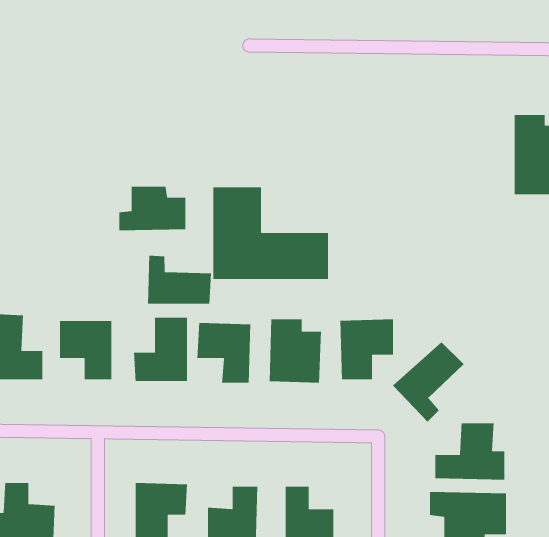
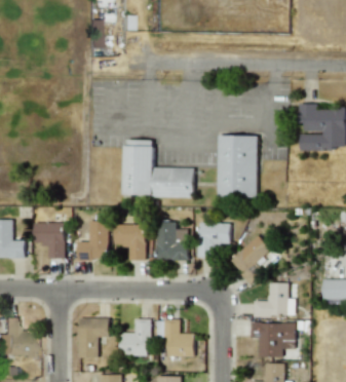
building: none -> [217,141,256,199]
building: [118,186,186,231] -> none
building: [147,255,212,304] -> none

